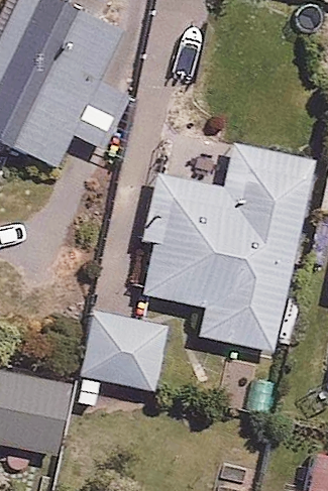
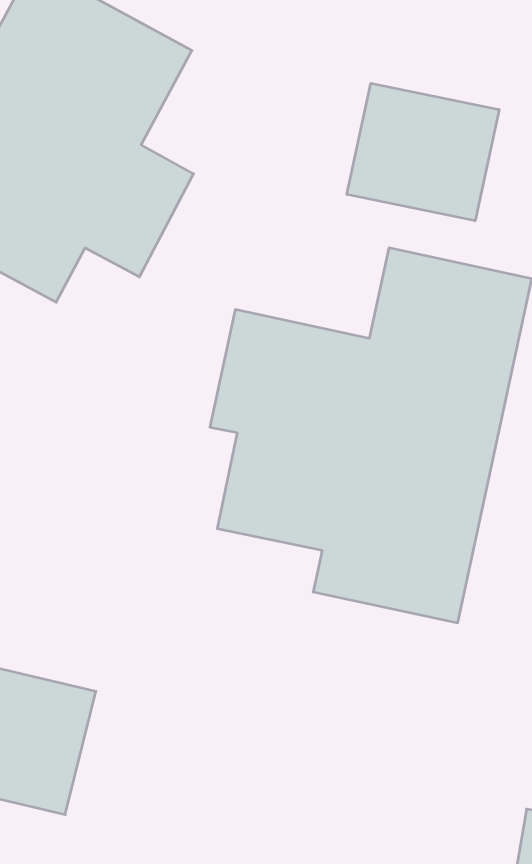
building: none -> [347,83,499,221]
building: [80,308,171,390] -> none

